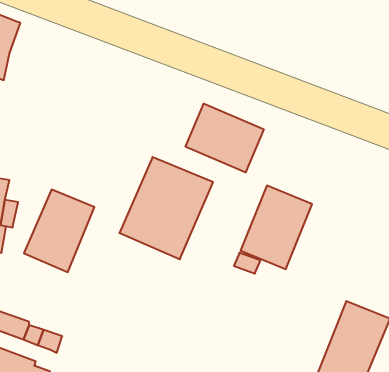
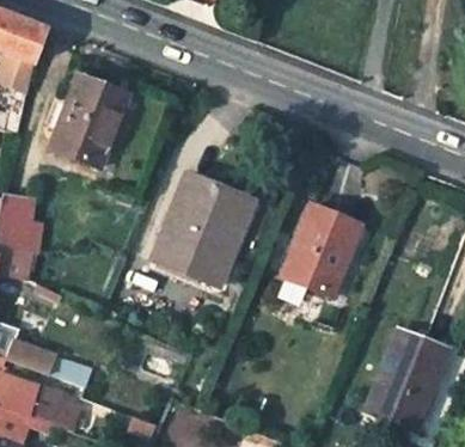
building: [186,104,264,172] -> none
building: [24,190,94,272] -> [50,76,127,166]

